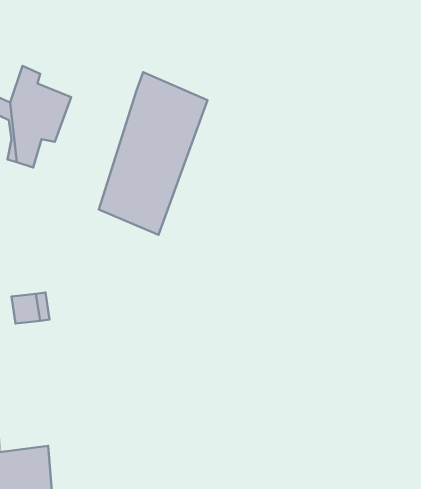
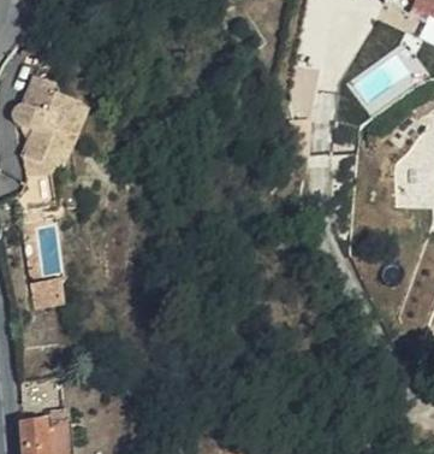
building: [99,72,207,235] -> none

